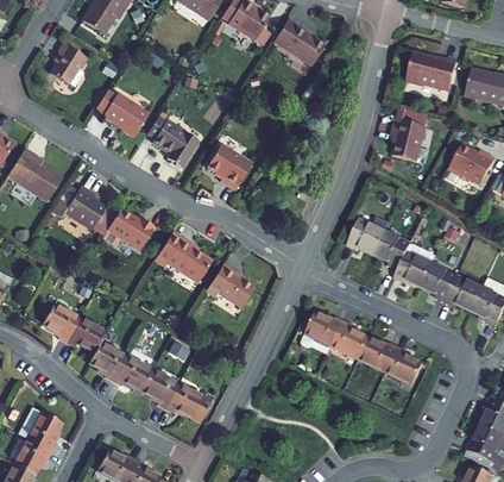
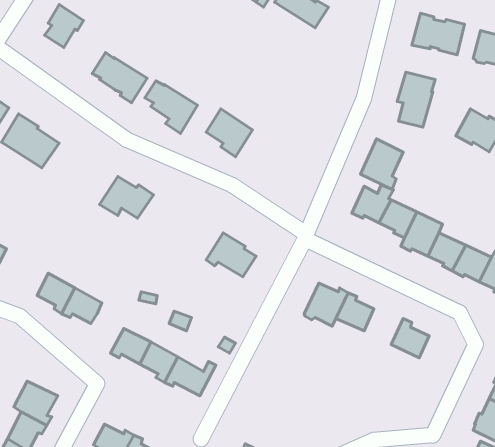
building: none -> [360,139,403,189]
building: [51,184,106,230] -> none
building: [155,232,212,283] -> none
building: [359,338,397,373] -> none
building: [88,343,126,381] -> none

